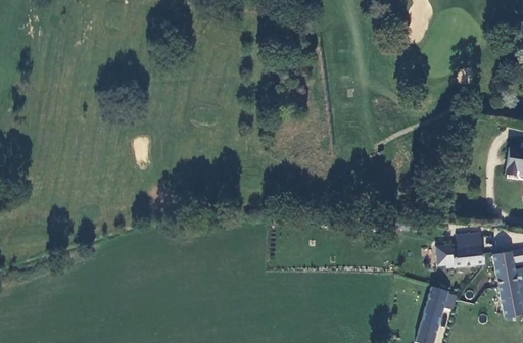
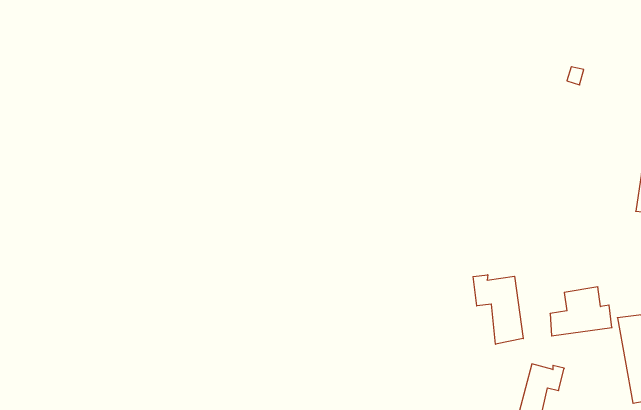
building: none -> [473,275,523,344]

